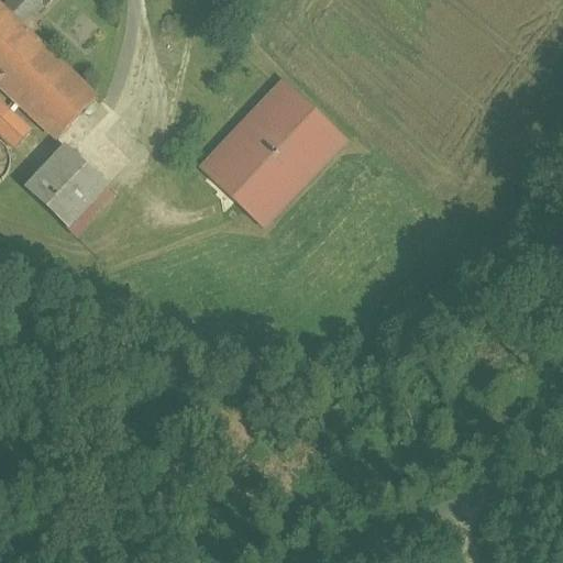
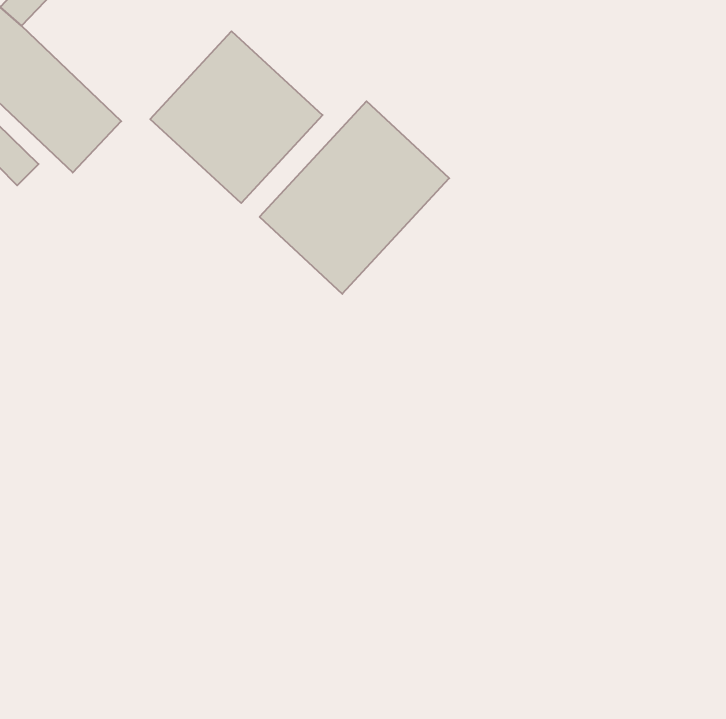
building: none -> [150,31,323,203]
building: [25,142,106,222] -> none

